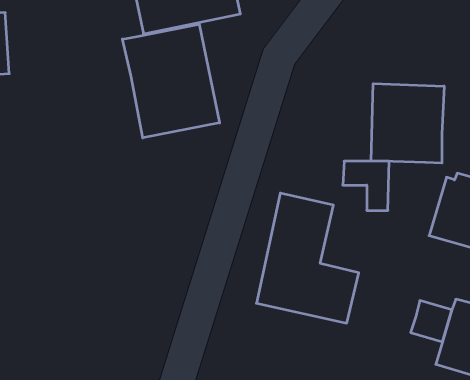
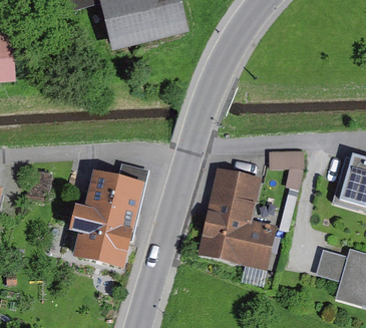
building: [122,24,220,138] -> none
building: [371,84,444,163] -> none
building: none -> [78,173,144,264]

